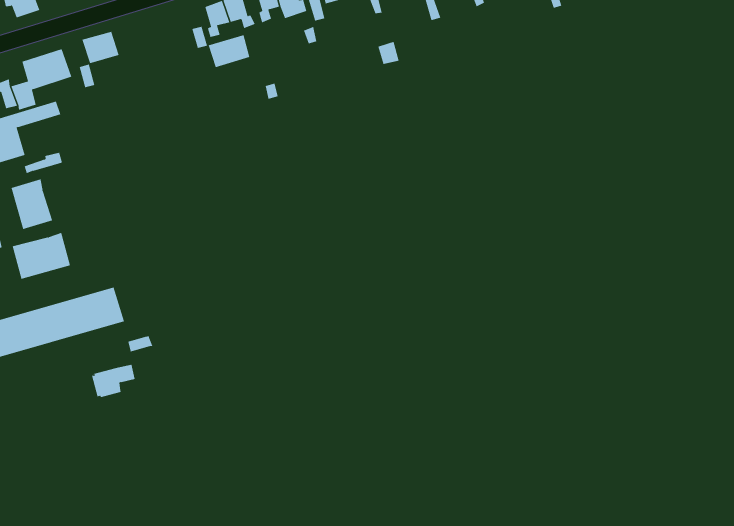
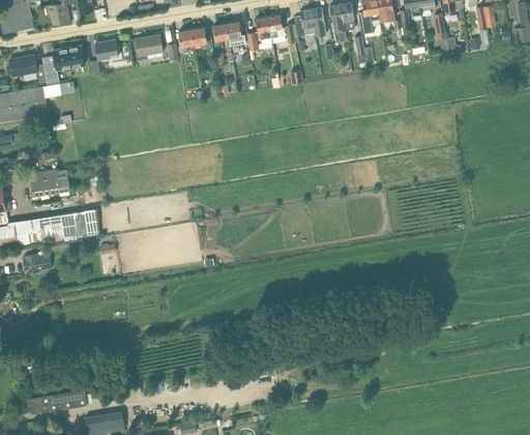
building: [208,34,250,68] -> [135,35,161,55]
building: [11,178,53,230] -> none
building: [91,364,136,398] -> [21,254,50,273]

